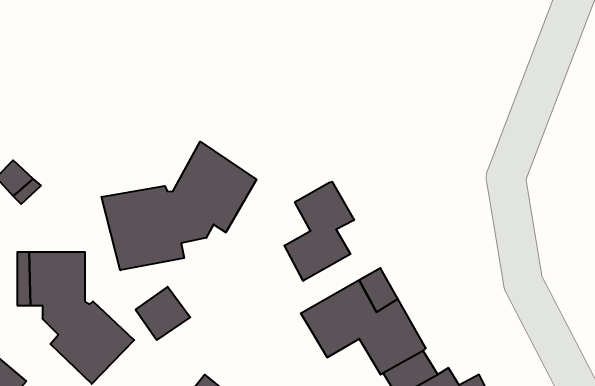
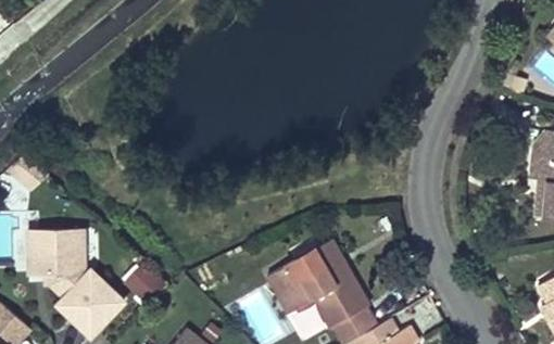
building: [102,142,257,270] -> none
building: [284,182,354,281] -> none

